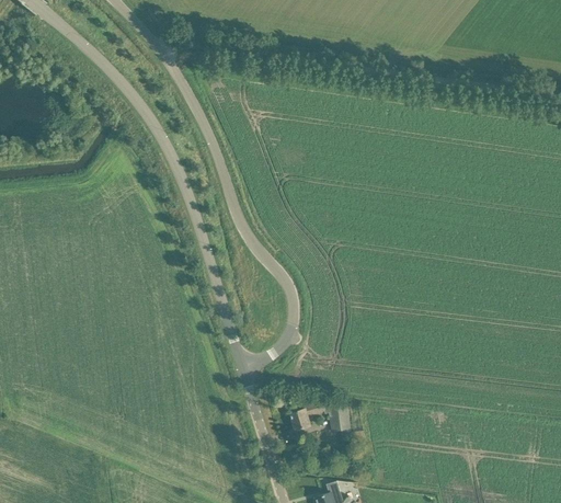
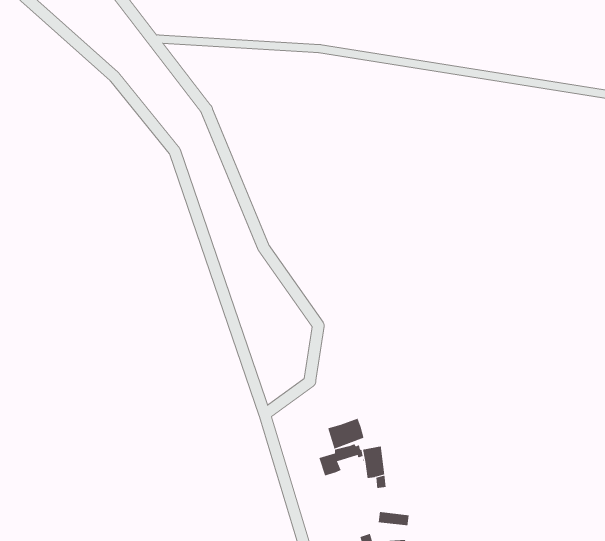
building: none -> [327,418,364,449]

